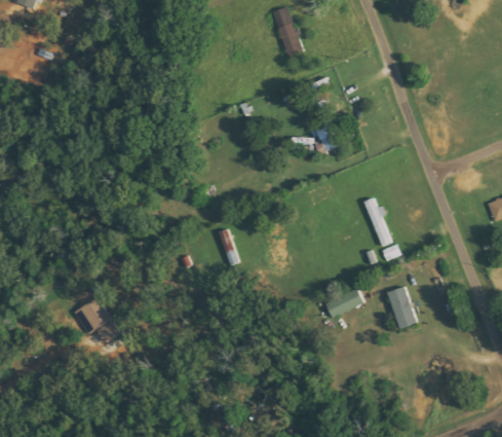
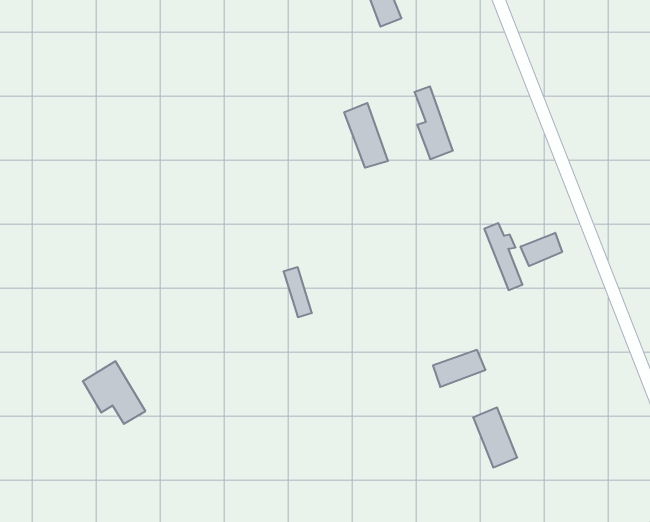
building: none -> [344,103,388,168]
building: none -> [521,233,562,266]
building: [387,286,419,329] -> [473,408,517,467]

